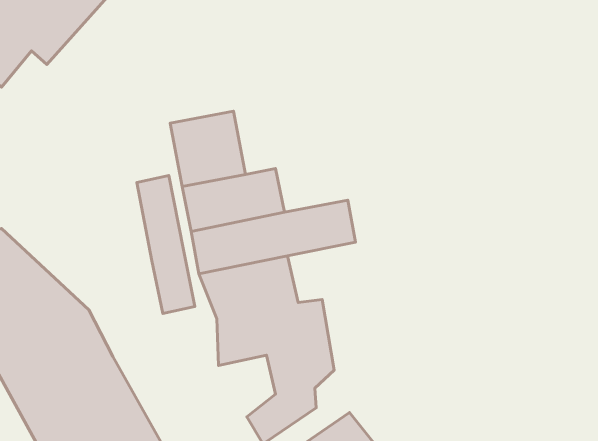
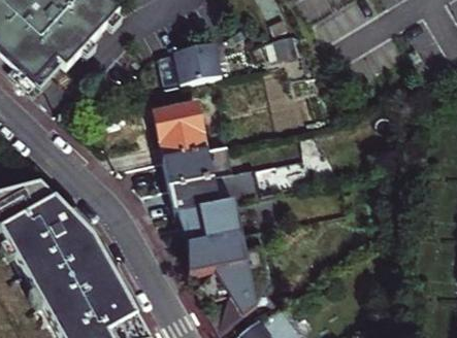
building: none -> [159,41,220,90]
building: [137,175,195,314] -> none

